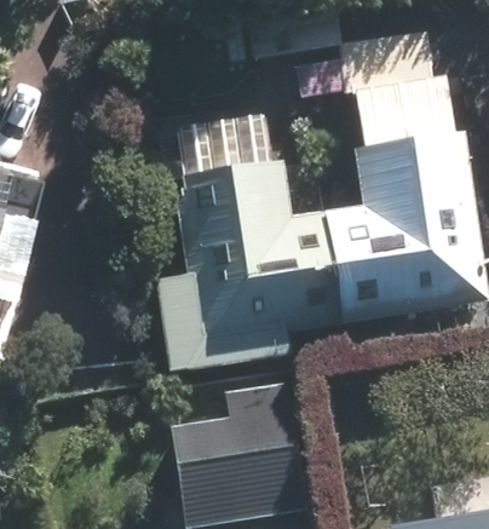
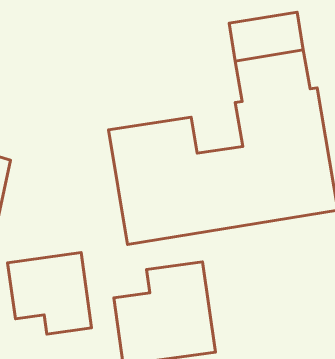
building: none -> [8,252,92,334]

